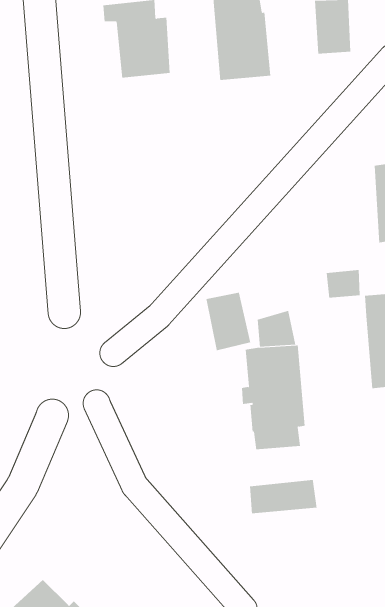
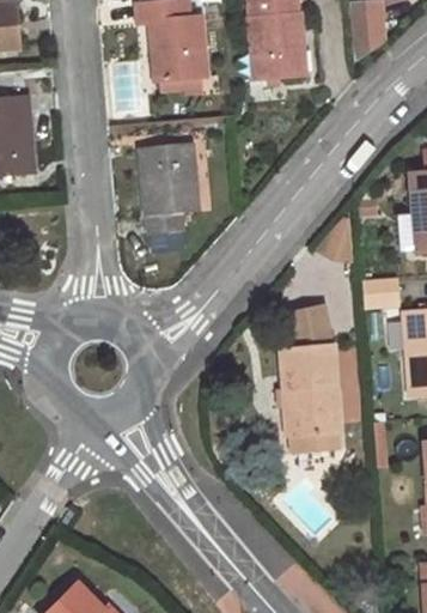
building: none -> [141,144,199,235]
building: [206,292,251,351] -> none
building: [249,479,317,514] -> none

